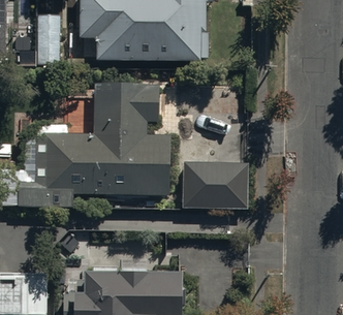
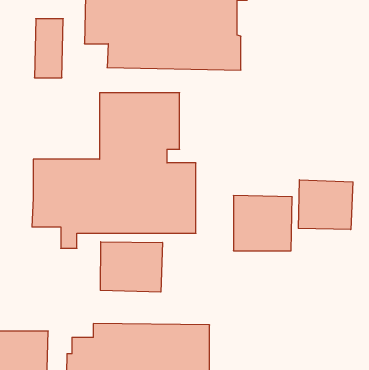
building: none -> [298,180,353,230]
building: none -> [100,242,162,292]

